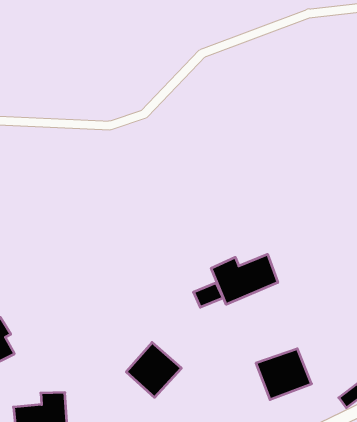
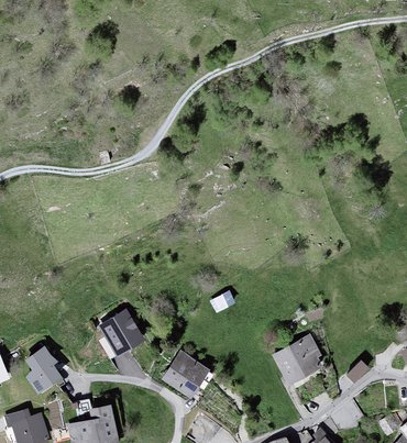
building: [211,254,278,304] -> none
building: none -> [98,308,145,355]

